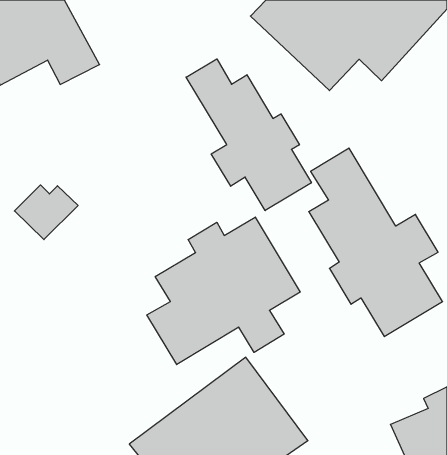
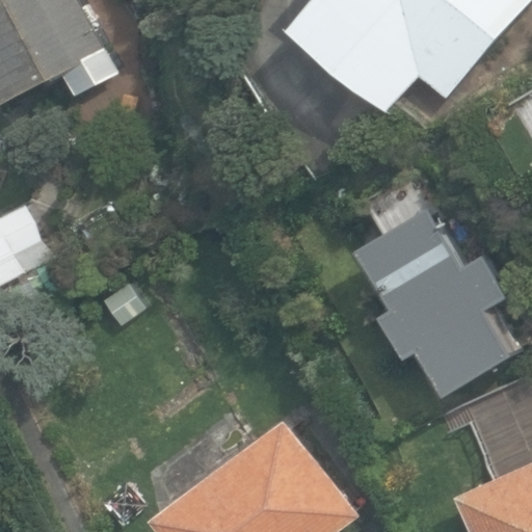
building: [186,59,311,211] -> none
building: [147,217,300,365] -> none

